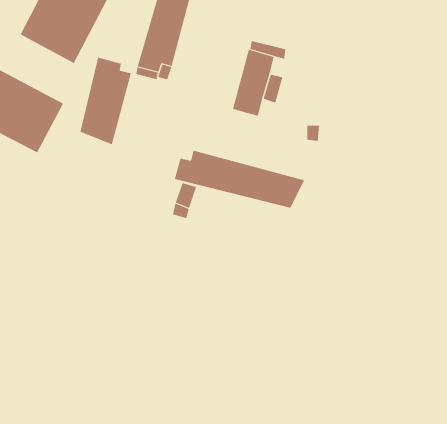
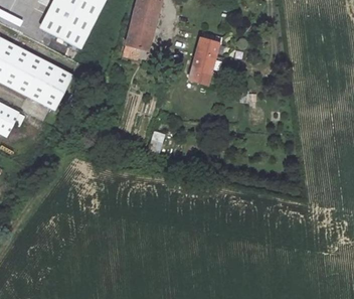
building: [80,57,131,145] -> none
building: [174,150,305,209] -> none

